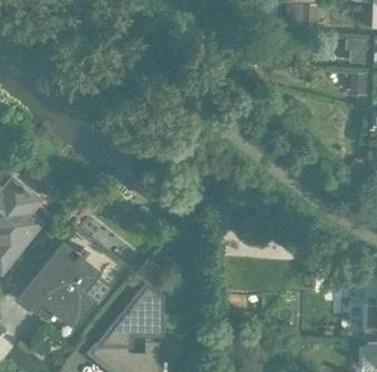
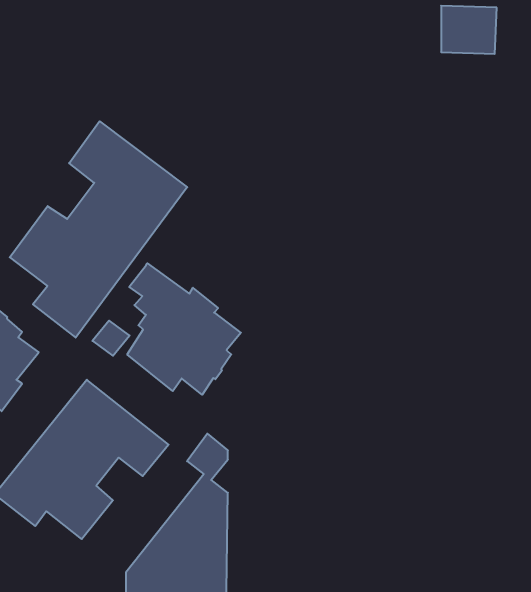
building: none -> [10,121,187,338]
building: none -> [127,263,241,395]

